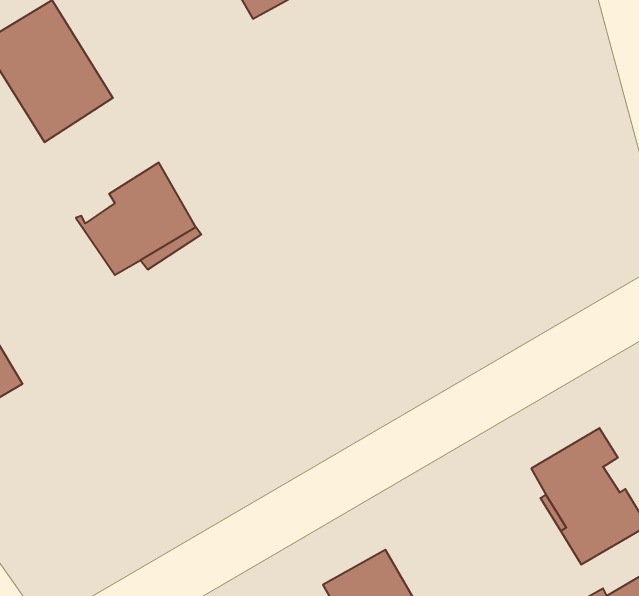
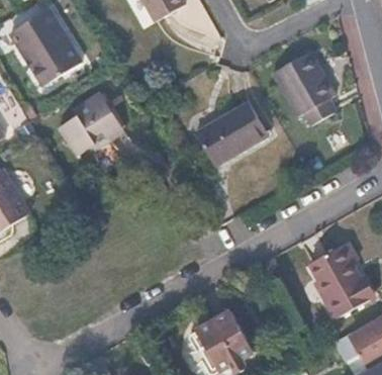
building: none -> [272,48,336,122]
building: none -> [193,99,267,163]

